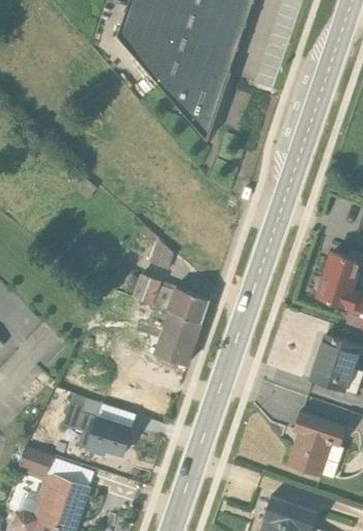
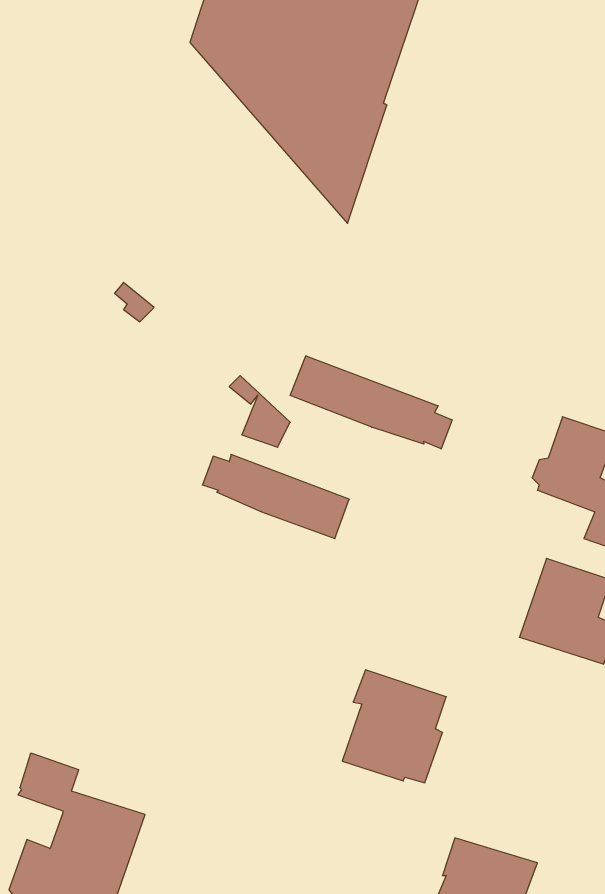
building: none -> [290,356,452,449]
building: [151,307,201,365] -> none
building: [63,394,136,457] -> none
building: [286,412,346,477] -> [342,670,446,783]

